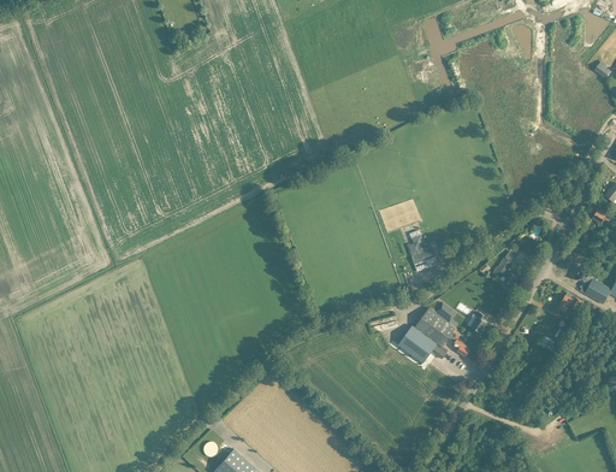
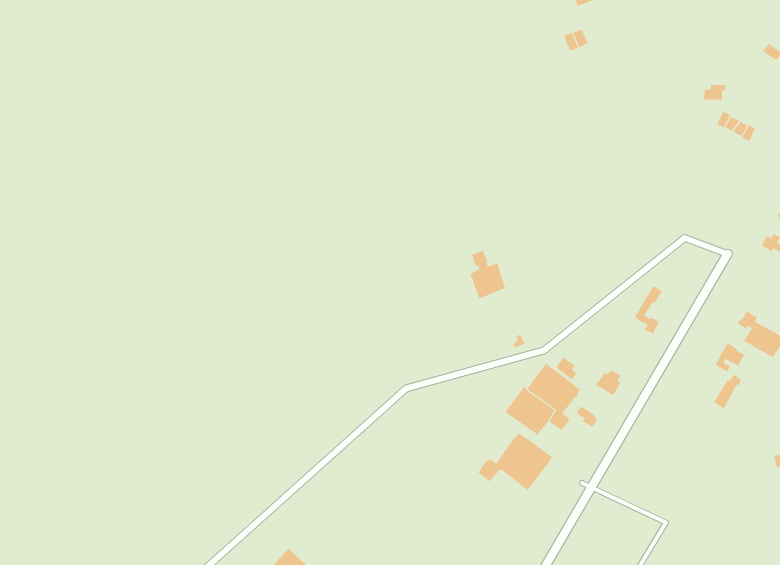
building: [409,236,437,273] -> [469,250,506,299]
building: none -> [478,433,553,491]

